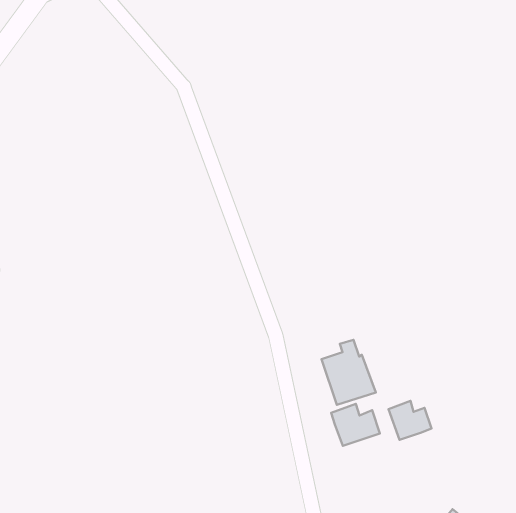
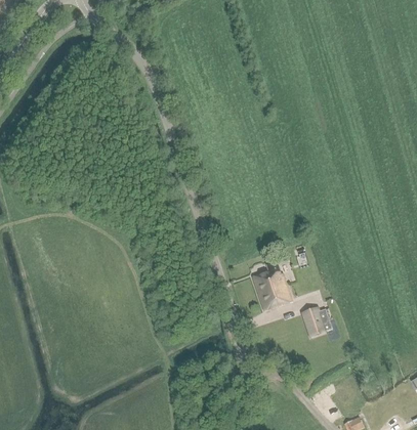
building: [331,404,380,446] -> none

